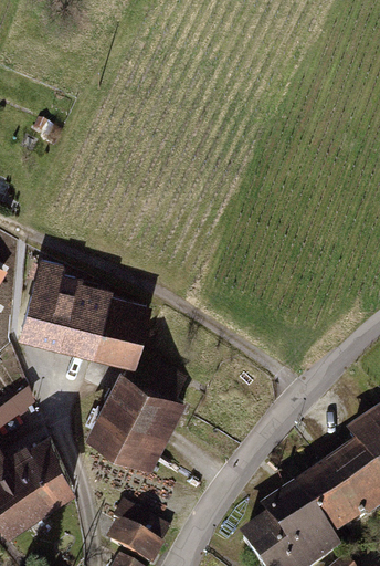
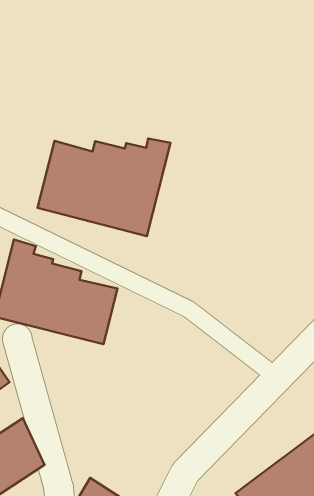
building: none -> [38,138,171,236]
building: [86,361,193,469] -> none

